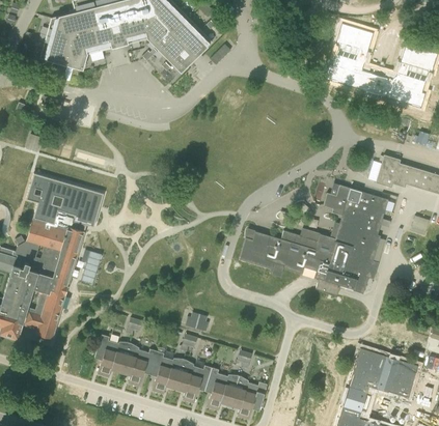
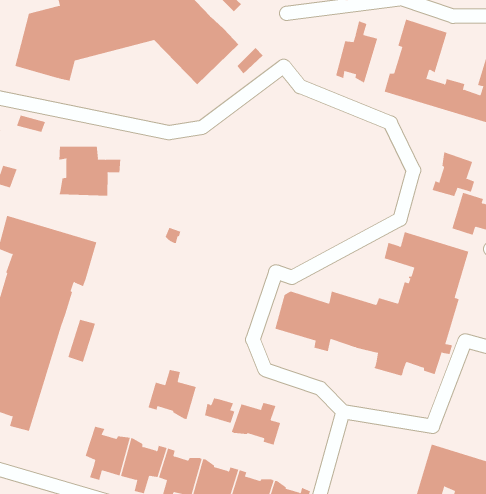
building: none -> [335,21,378,84]
building: none -> [59,146,121,197]
building: none -> [432,151,475,197]
building: none -> [148,369,197,420]
building: none -> [231,402,281,446]

